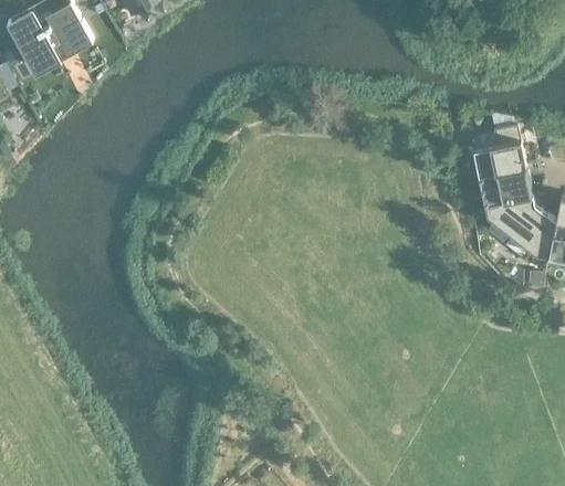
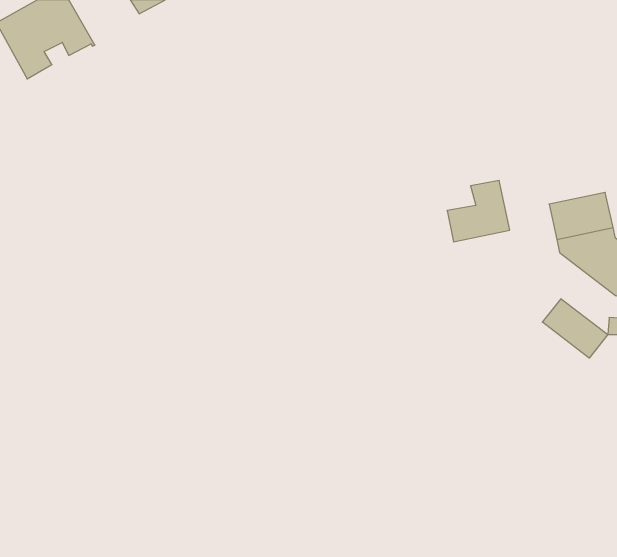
building: [471,127,524,179] -> [447,181,510,242]
building: none -> [542,299,608,358]

